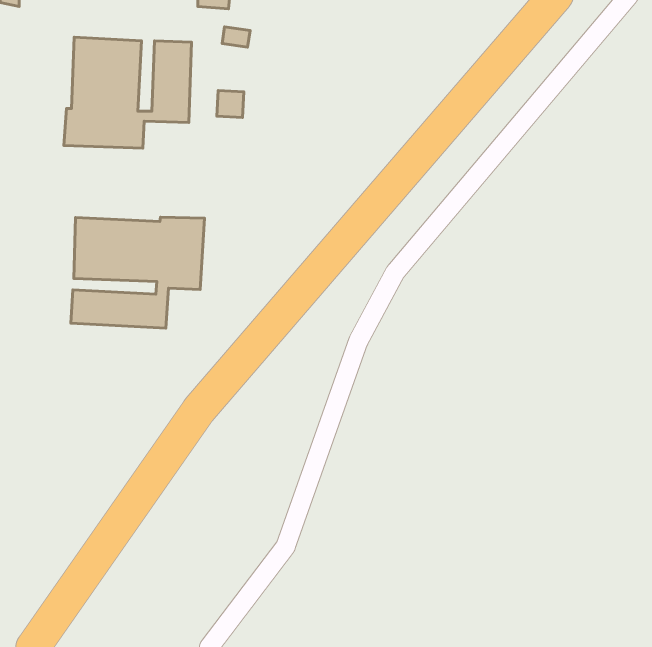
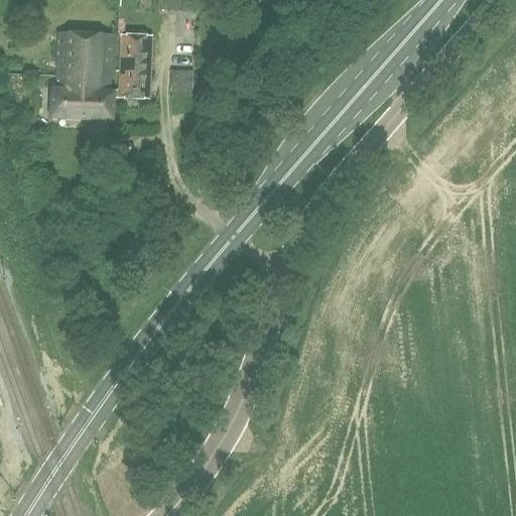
building: [71,217,204,328] -> none

